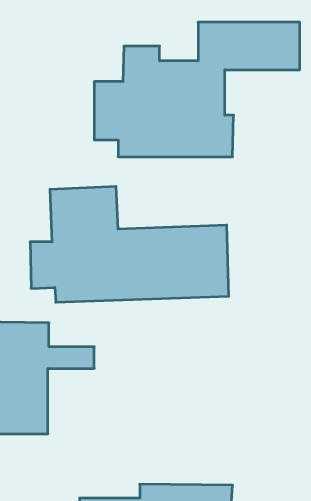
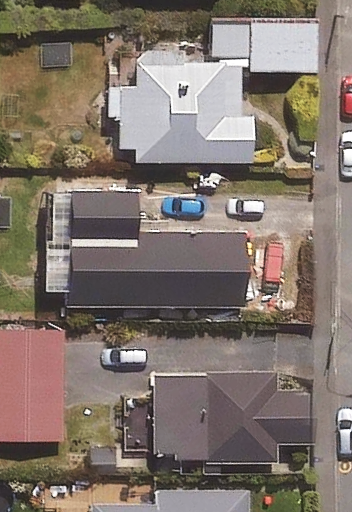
building: none -> [154,372,316,464]

